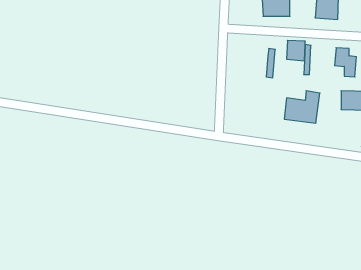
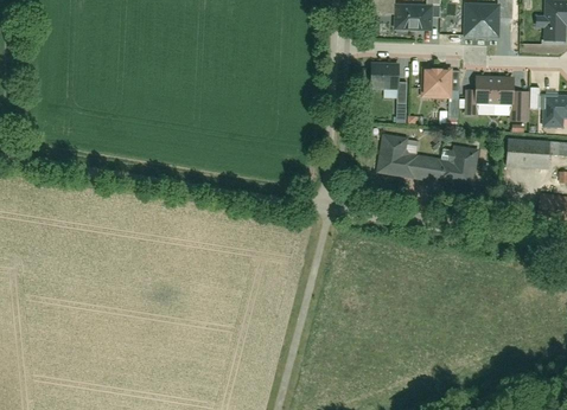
building: none -> [369,60,402,89]
building: none -> [477,76,499,103]
building: none -> [380,128,427,181]

